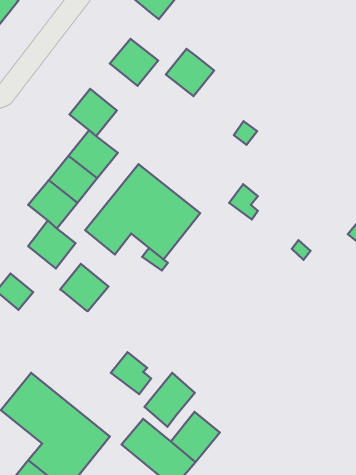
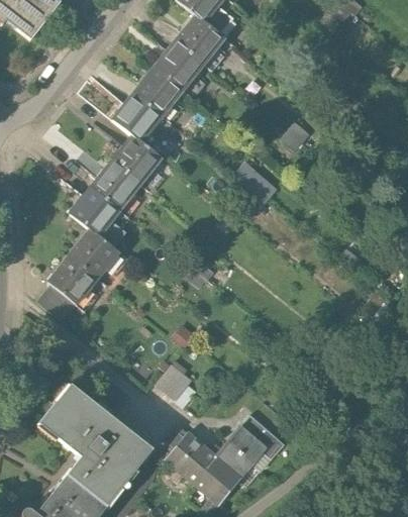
building: [166,49,214,96] -> [175,14,224,63]
building: none -> [133,66,182,114]
building: [85,164,200,259] -> none
building: [229,184,258,220] -> [238,172,268,208]
building: [60,264,108,311] -> [48,253,98,302]
building: [145,373,195,427] -> none

